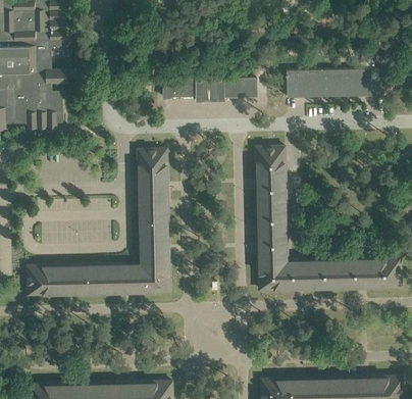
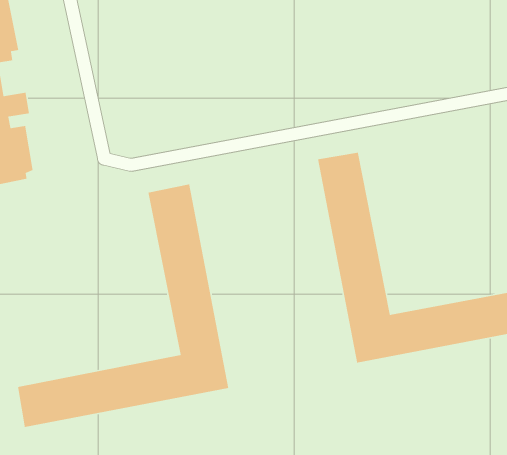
building: [287,64,384,99] -> none
building: [163,78,258,102] -> none

